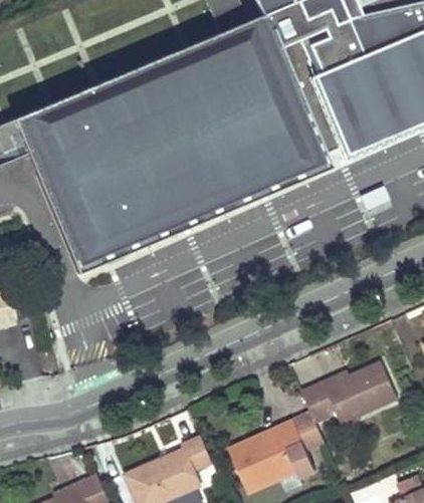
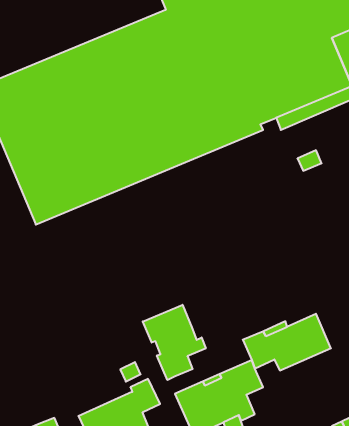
building: none -> [143,305,206,380]

